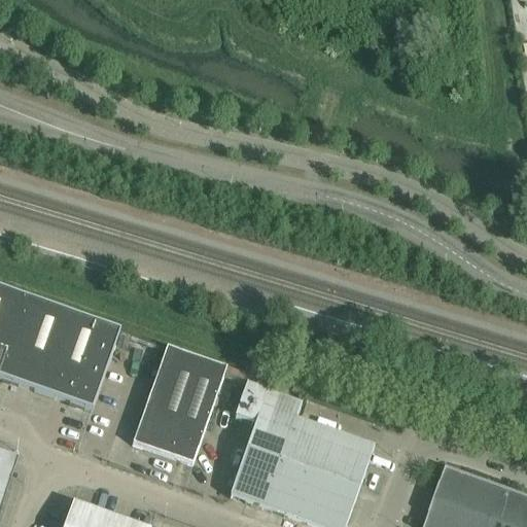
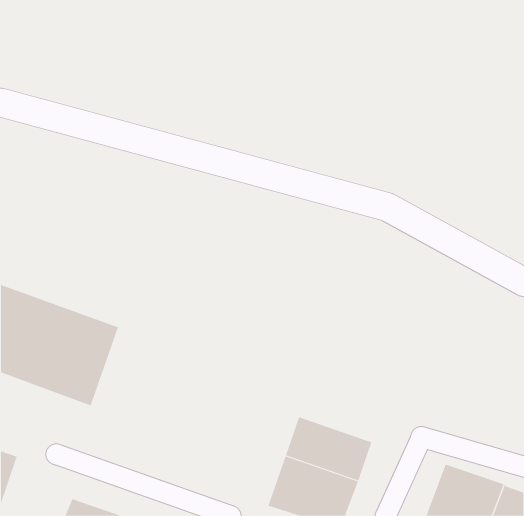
building: [133,345,226,462] -> none
building: [230,381,302,507] -> none

